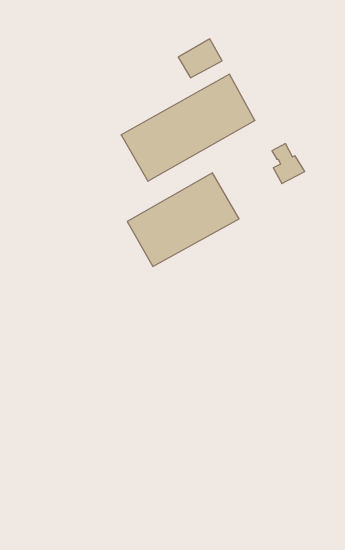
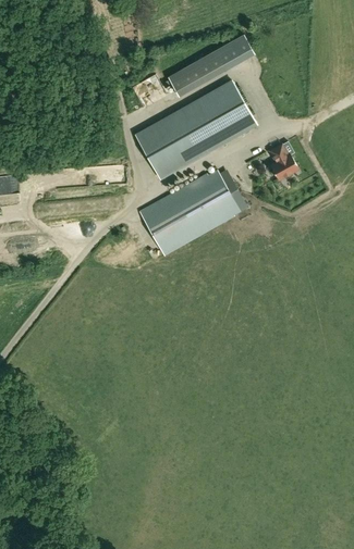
building: none -> [215,35,254,70]
building: none -> [167,66,197,96]

